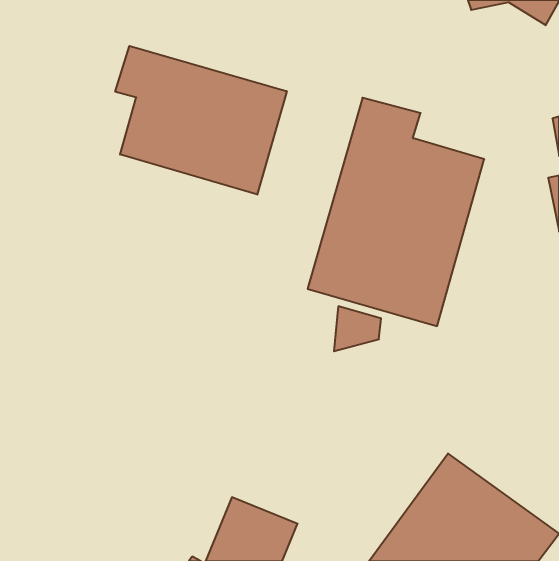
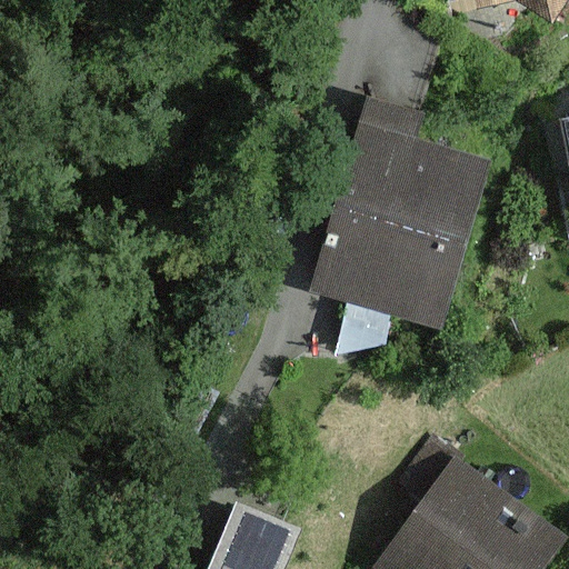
building: [115,46,287,195] -> none

